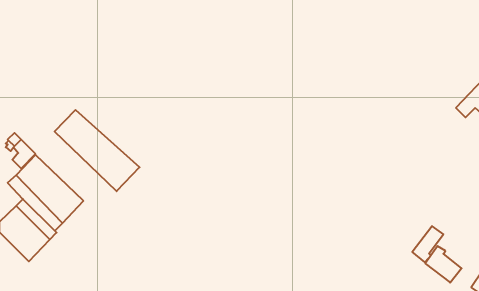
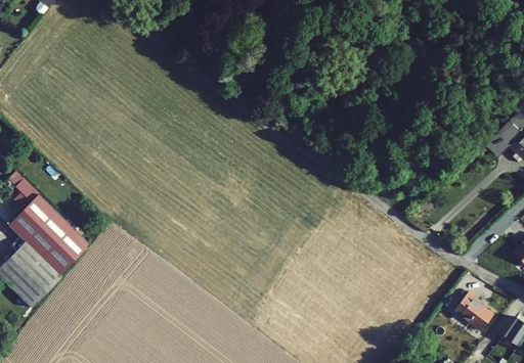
building: [55,110,140,191] -> none
building: [412,226,443,262] -> none

